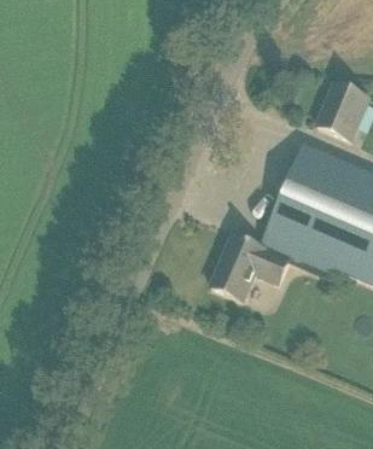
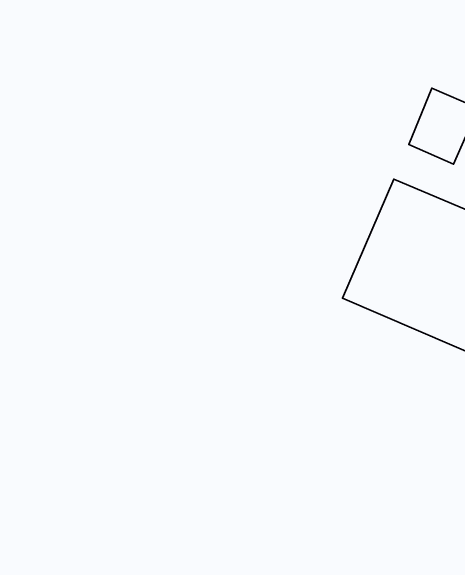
building: [209,235,287,301] -> none

